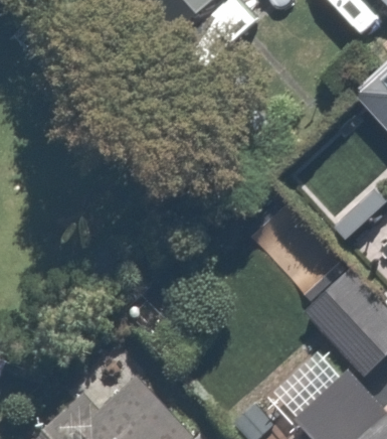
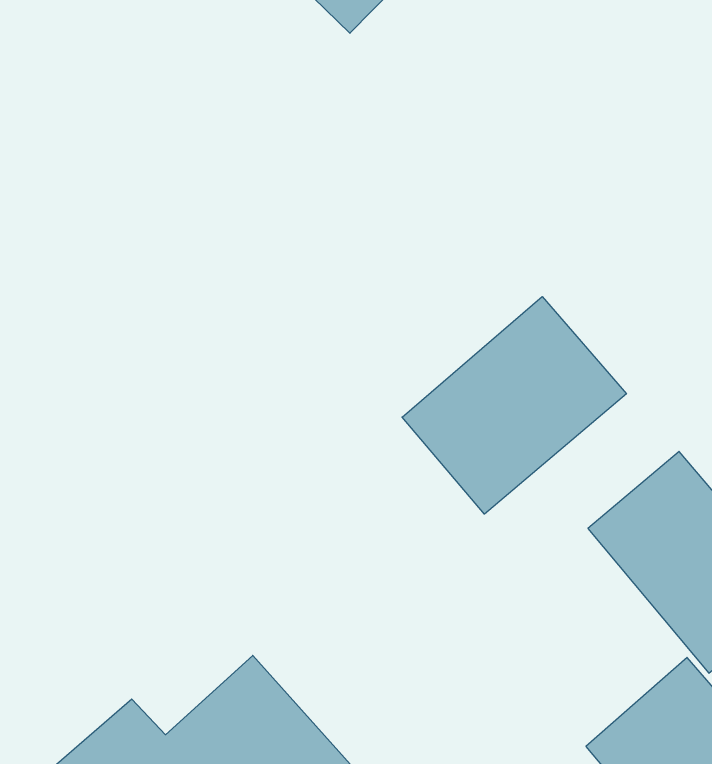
building: none -> [402,297,626,514]

